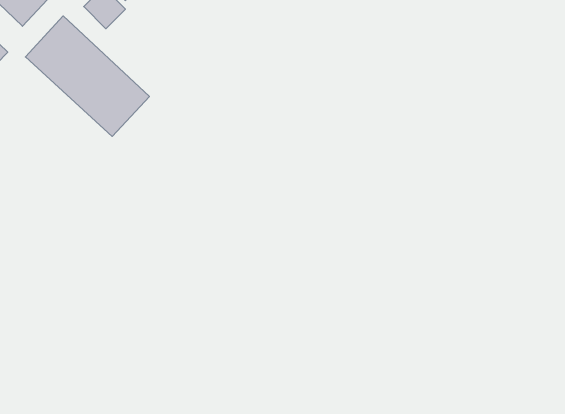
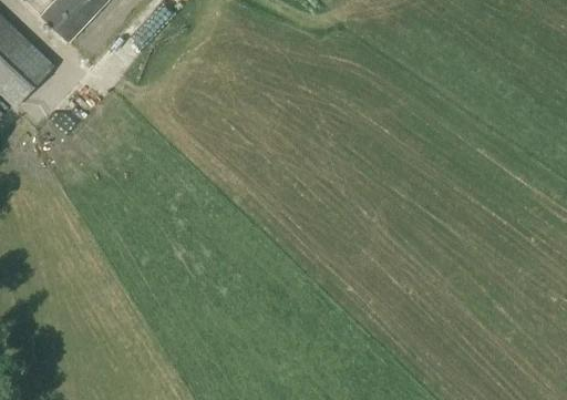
building: [25,16,149,136] -> none

